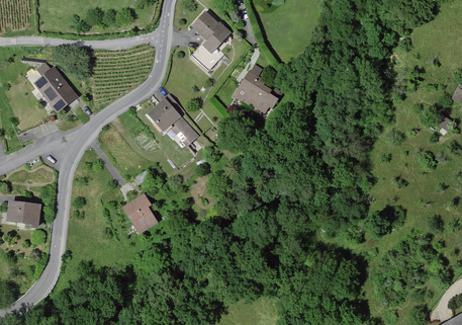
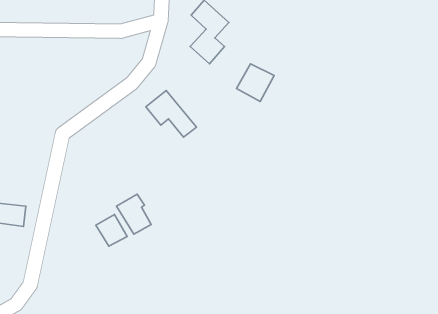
building: [34,68,76,112] -> none
building: none -> [96,214,127,246]

